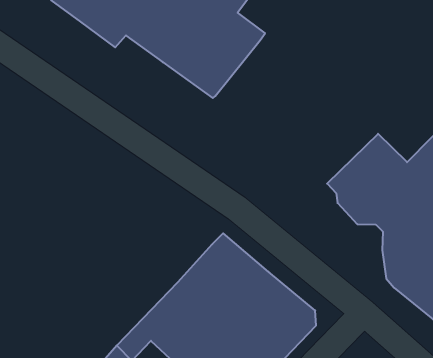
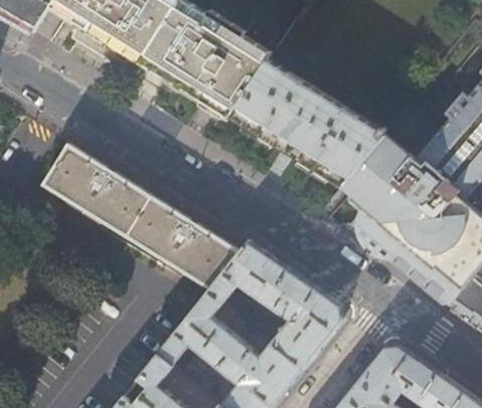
building: none -> [230,58,384,186]
building: none -> [43,144,239,289]

